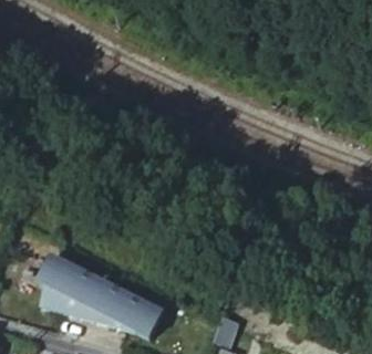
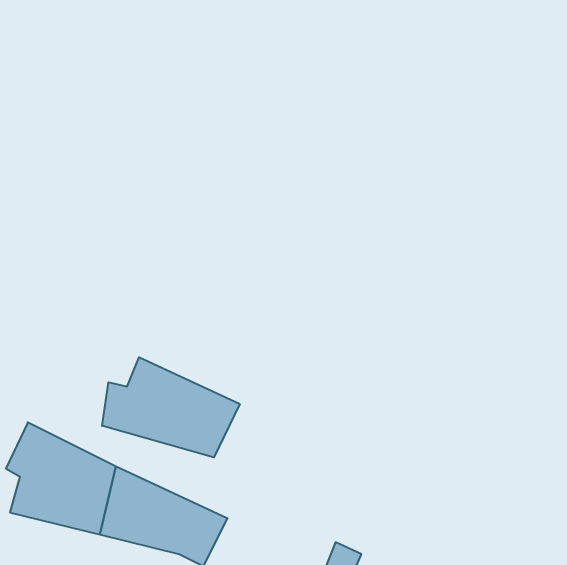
building: none -> [102,357,240,457]

